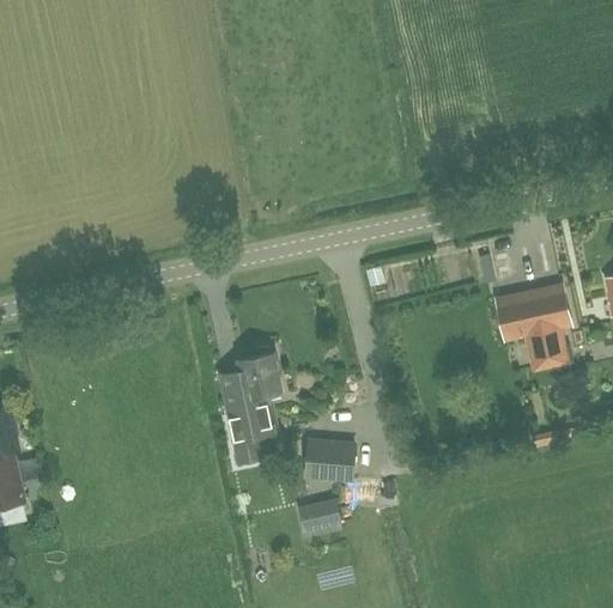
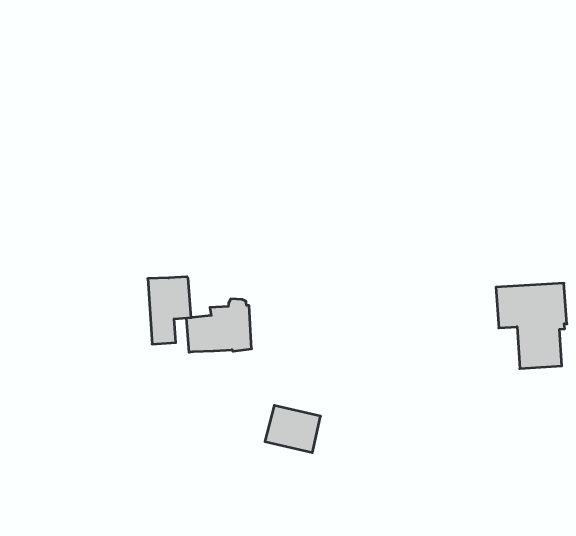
building: [227,395,273,462] -> [148,277,191,344]
building: [297,497,341,531] -> none

